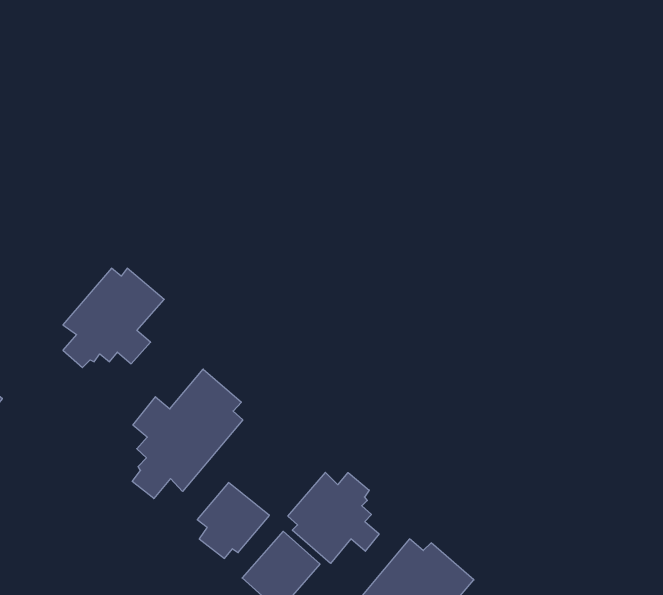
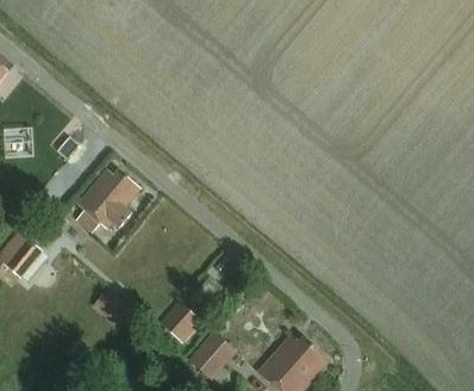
building: [132,369,243,499] -> none
building: [288,472,379,563] -> none

